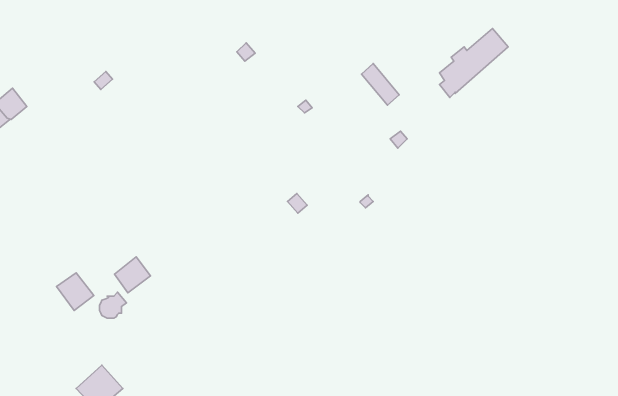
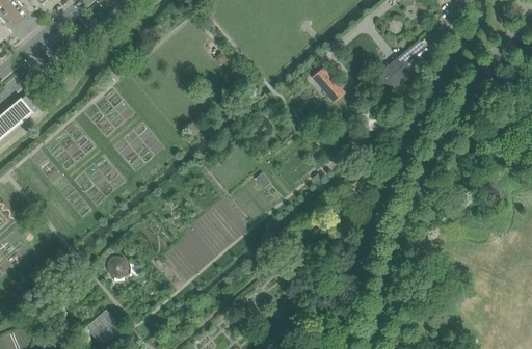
building: [115,257,151,293] -> none
building: [57,273,94,310] -> none

